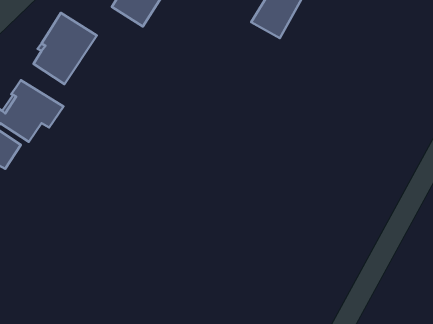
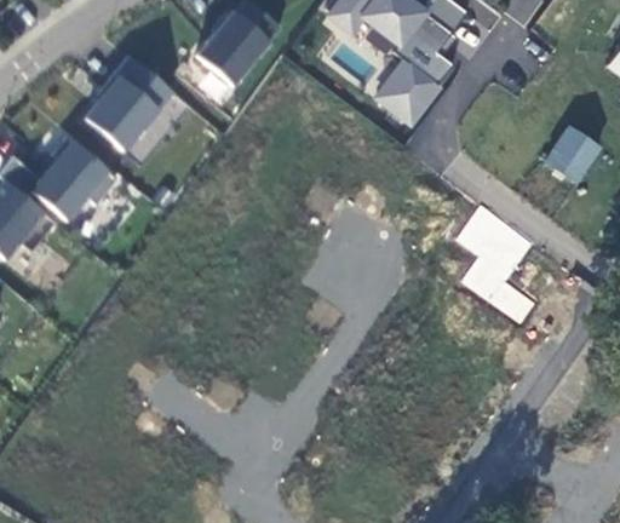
building: none -> [546,127,603,184]
building: none -> [458,206,536,323]

